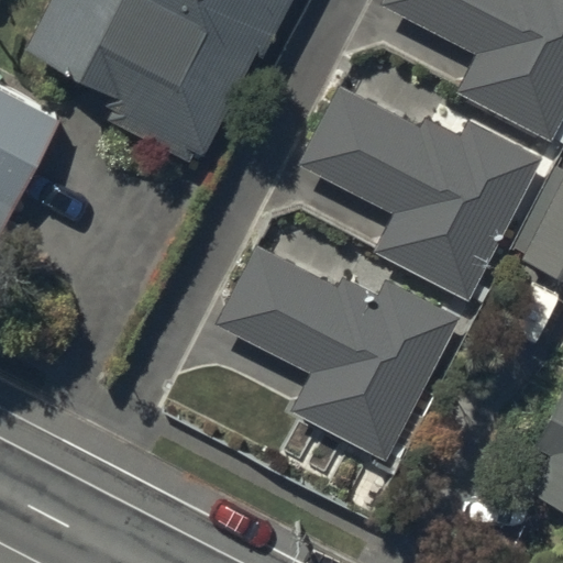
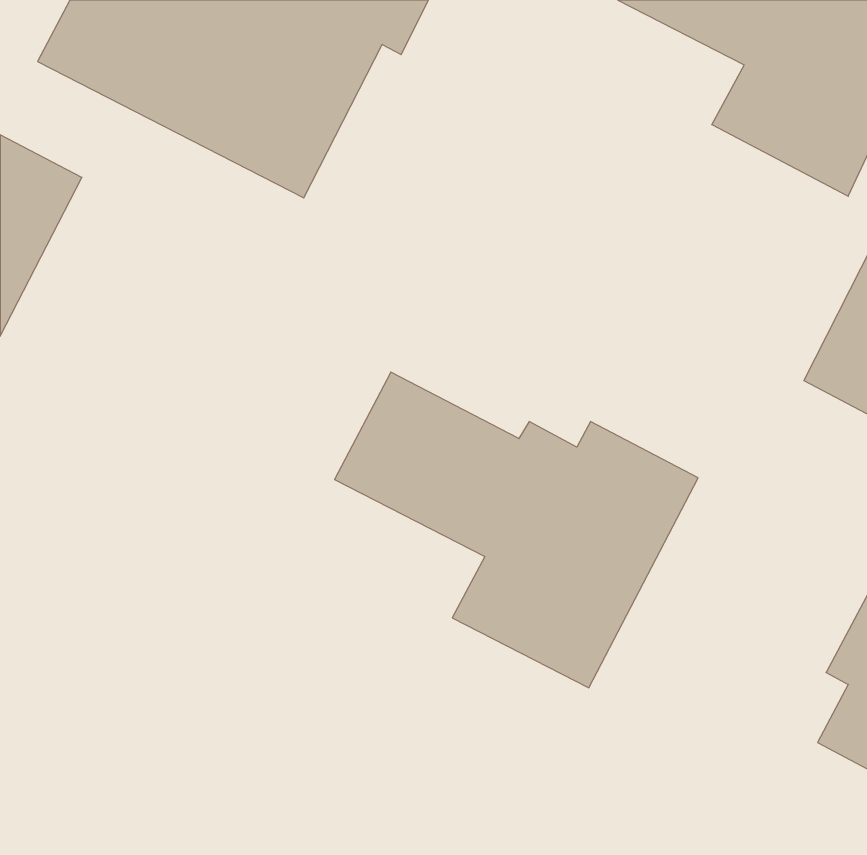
building: [303,90,538,295] -> none

